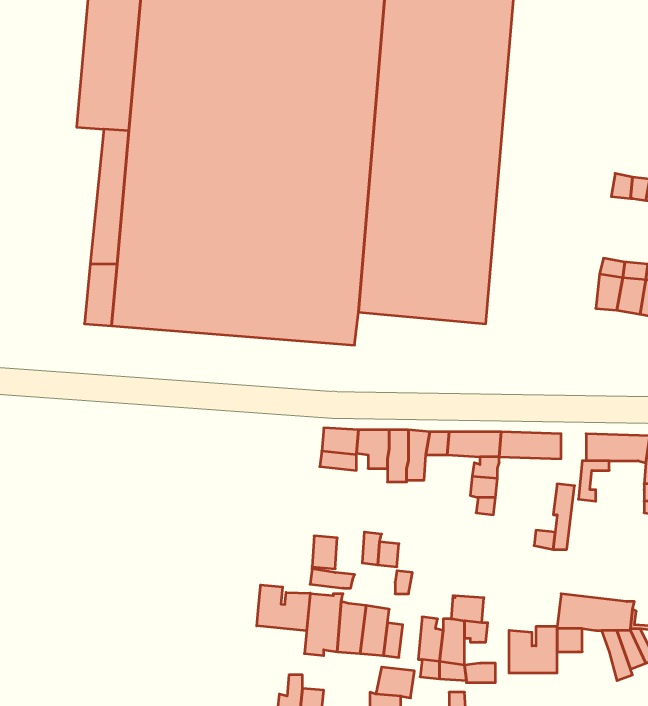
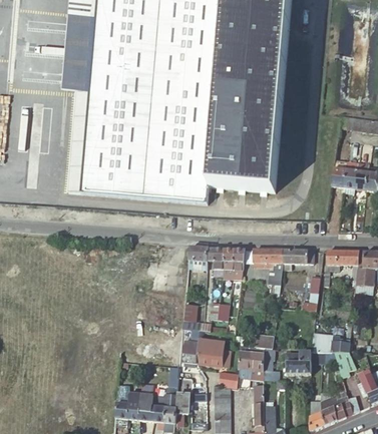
building: [257,585,310,631] -> none

